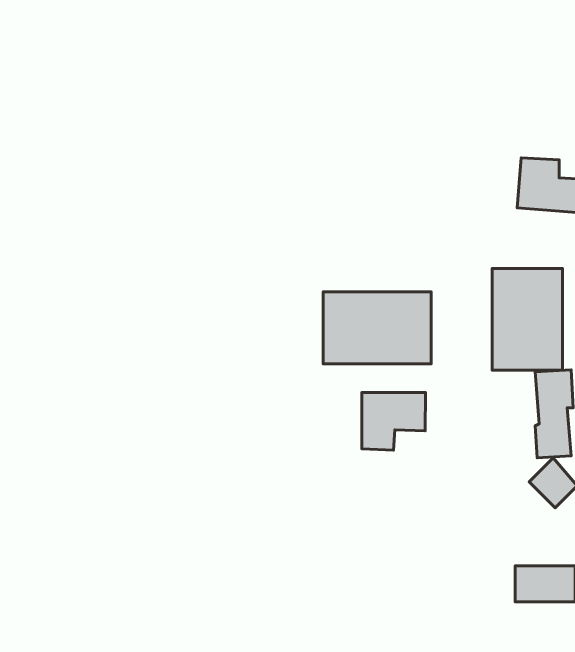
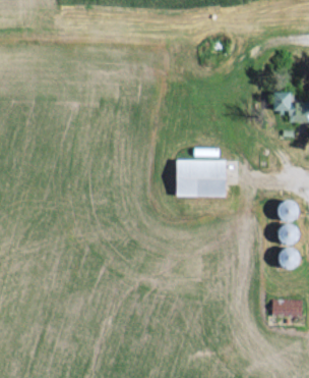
building: [492,269,563,370] -> none
building: [362,393,426,450] -> none

